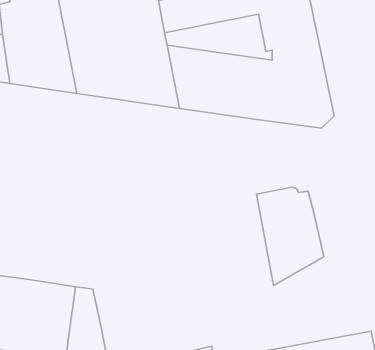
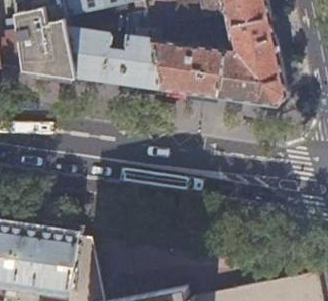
building: [257,187,324,286] -> none

